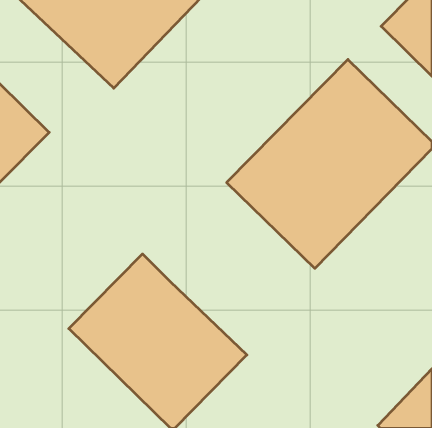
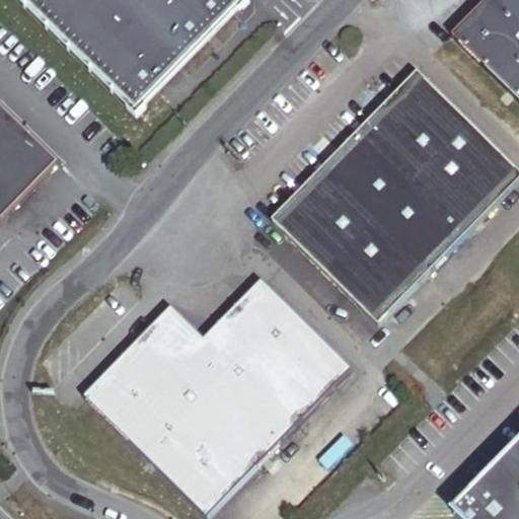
building: none -> [204,278,352,424]

